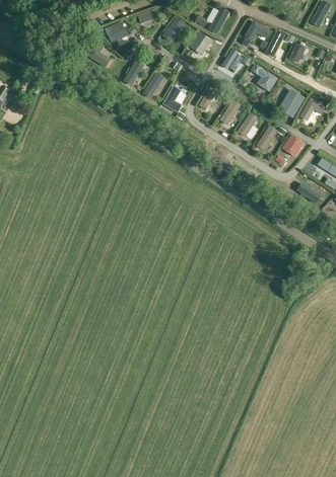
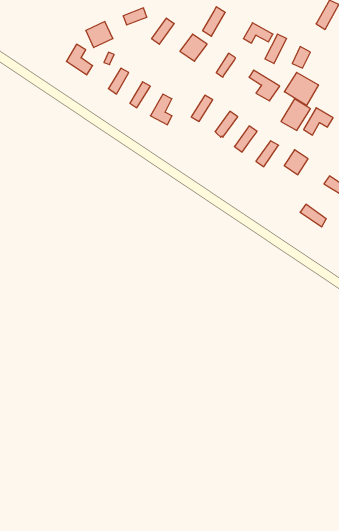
building: none -> [284,72,318,105]

